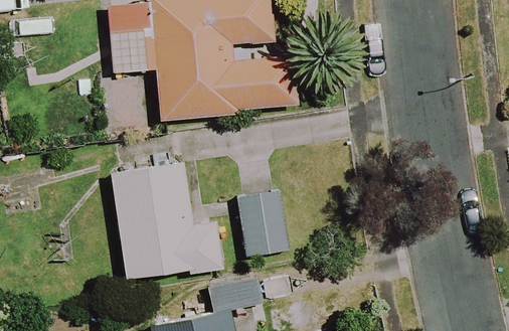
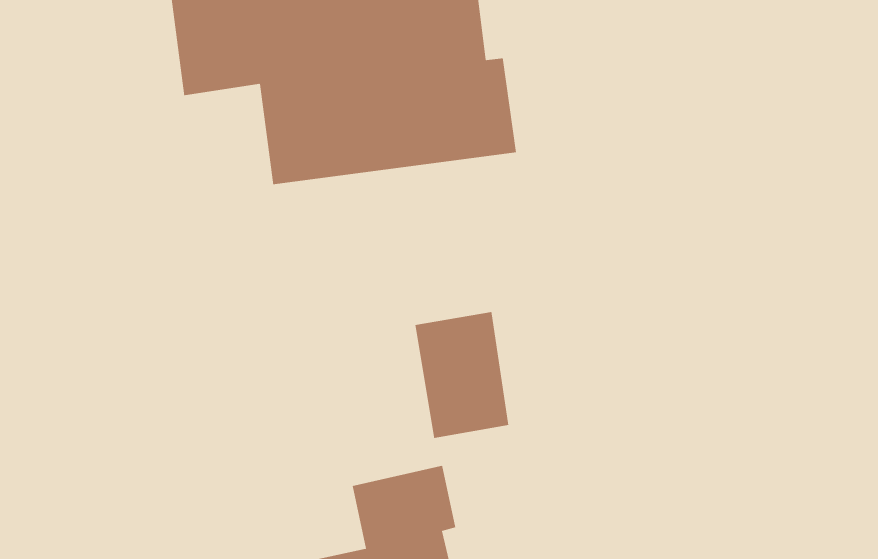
building: [118,167,215,276] -> none

